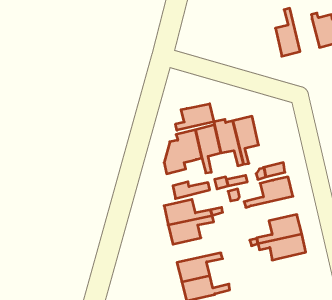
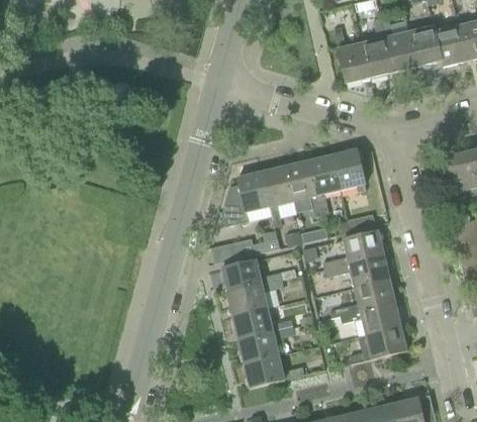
building: none -> [380,15,417,72]
building: none -> [332,26,370,84]
building: [176,104,214,130] -> none
building: none -> [332,148,366,192]
building: none -> [324,254,389,286]
building: none -> [232,307,293,338]
building: none -> [350,325,406,361]

